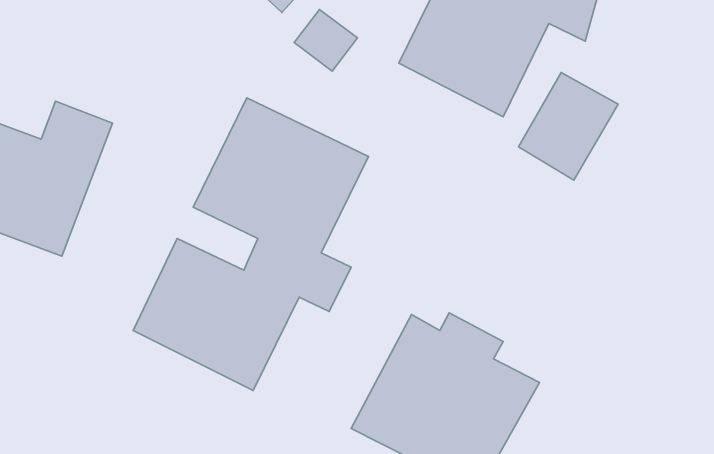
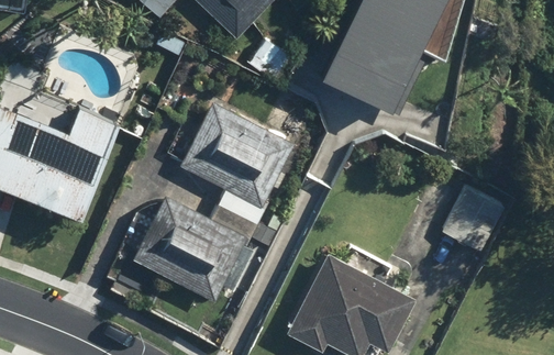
building: [518,73,618,180] -> [439,182,508,257]

